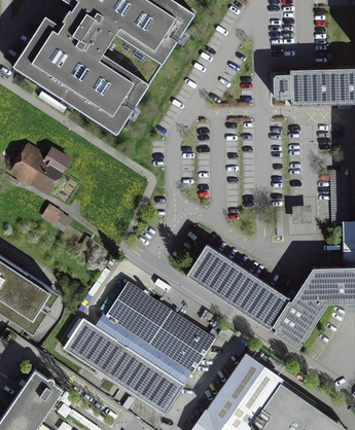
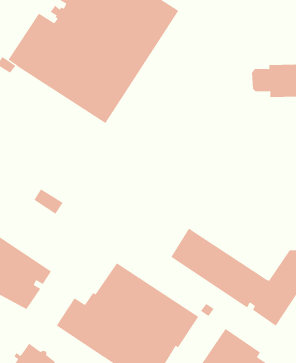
building: [12,143,67,189] -> none

